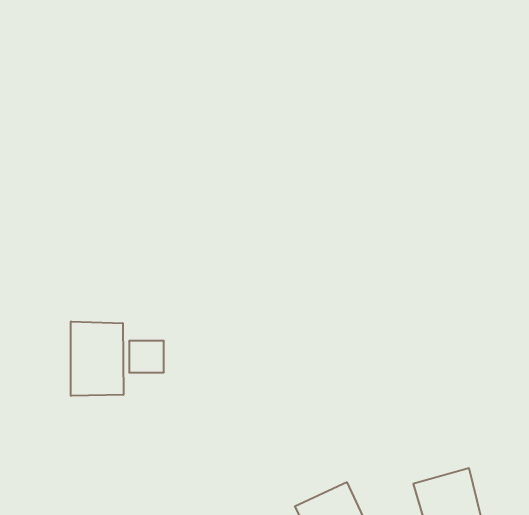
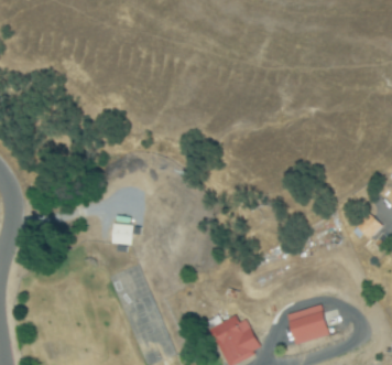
building: [71,321,123,396] -> none

